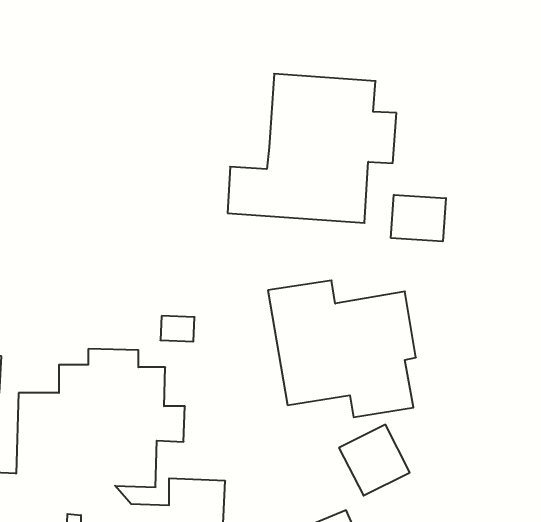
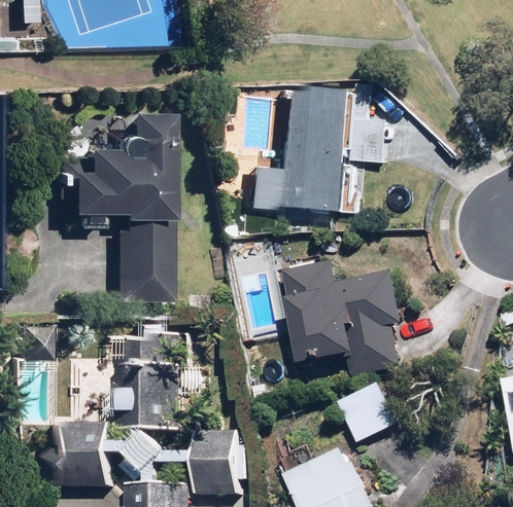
building: none -> [63,111,169,298]
building: [391,195,446,241] -> none

